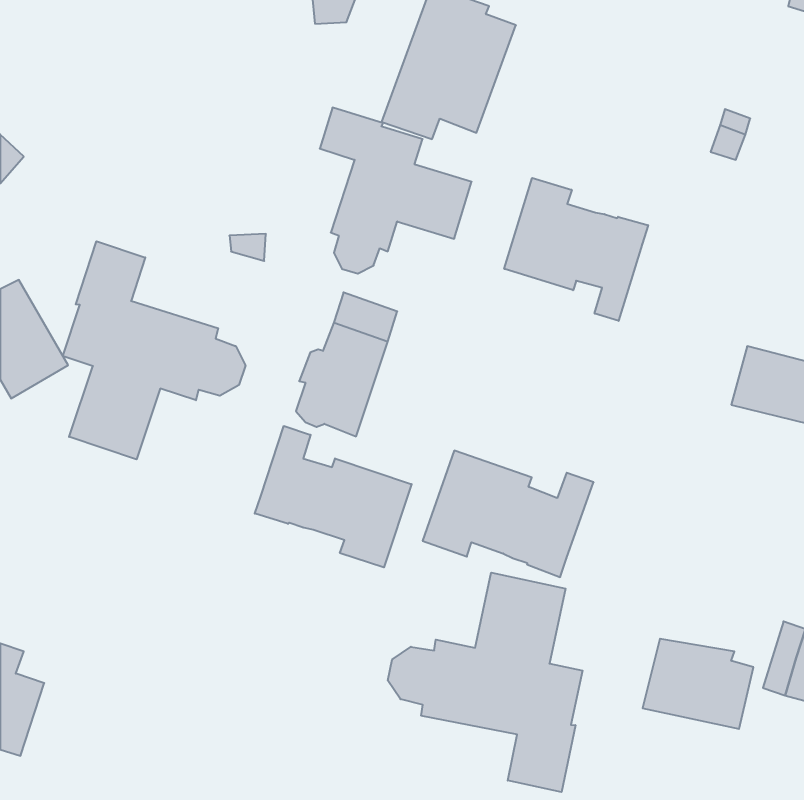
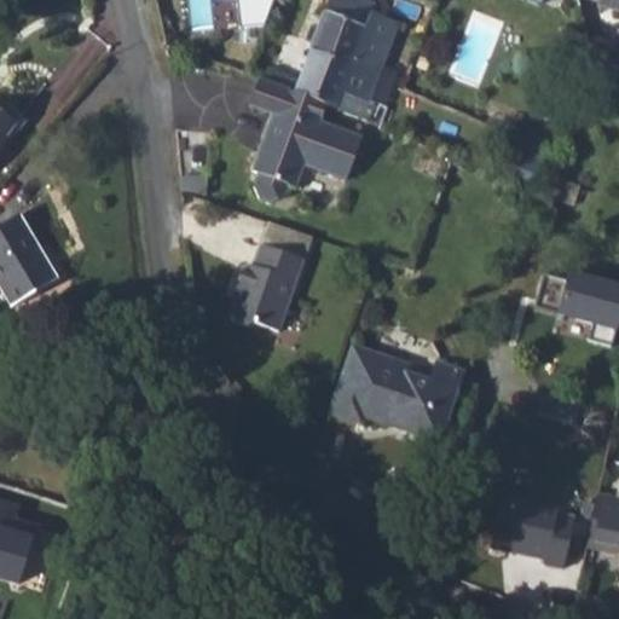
building: [504,178,648,321] -> none
building: [63,241,245,459] -> none
building: [255,426,412,567] -> none
building: [388,573,583,792] -> none

